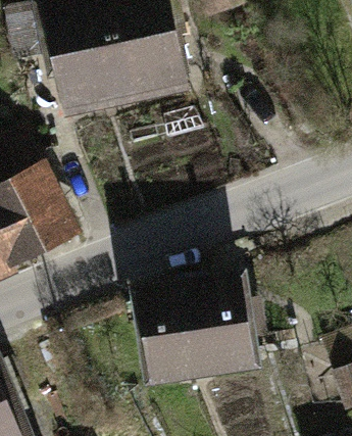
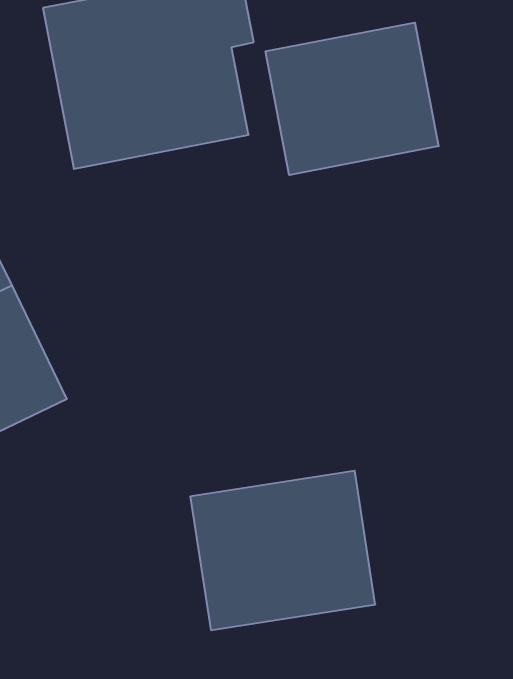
building: none -> [266,23,439,175]

